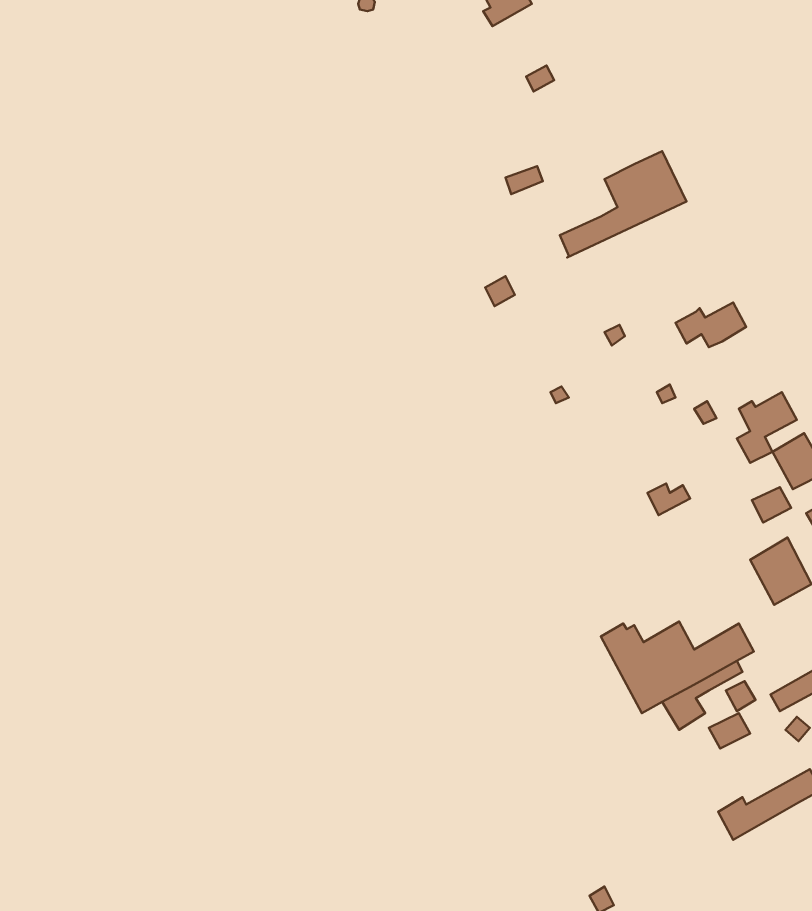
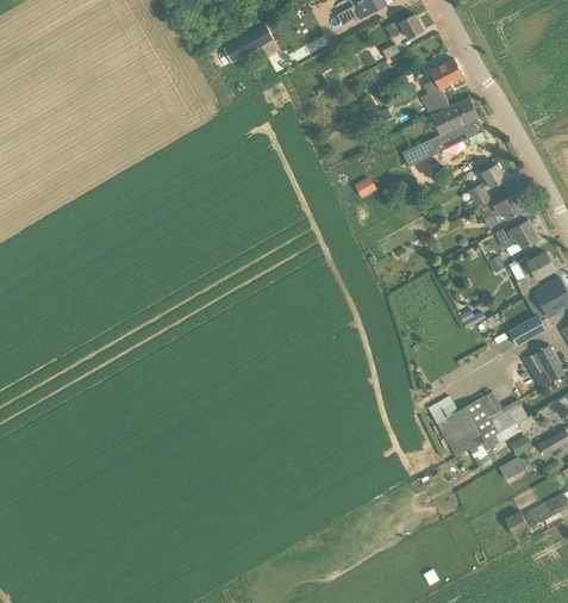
building: none -> [385,13,423,38]
building: none -> [223,31,261,62]
building: none -> [423,58,462,116]
building: none -> [468,163,505,207]
building: none -> [495,219,537,249]

